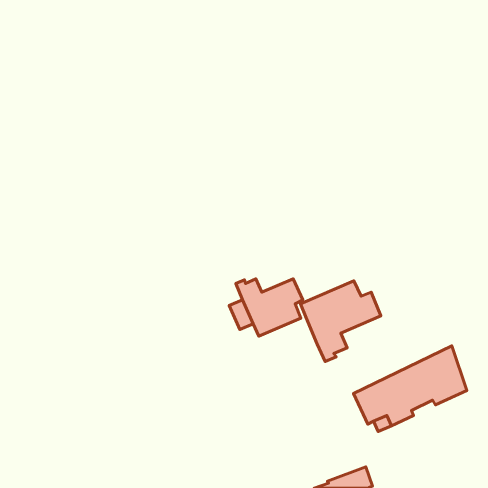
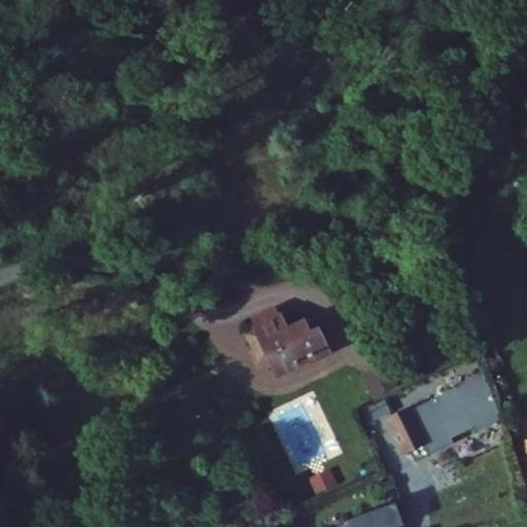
building: [301,281,381,362] -> none

